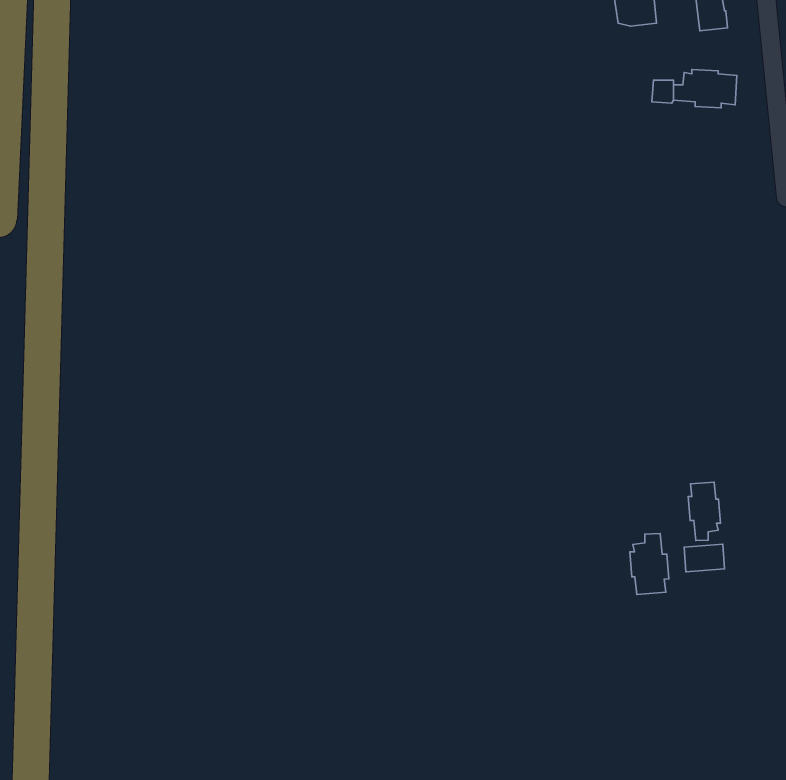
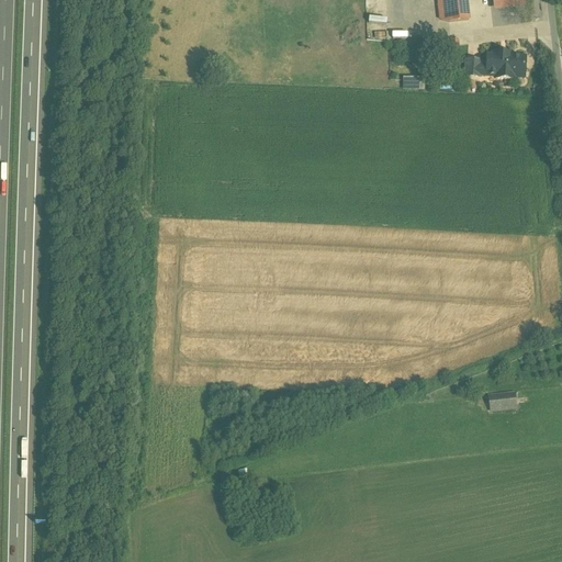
building: [688,482,720,540] -> none
building: [630,534,669,594] -> none

